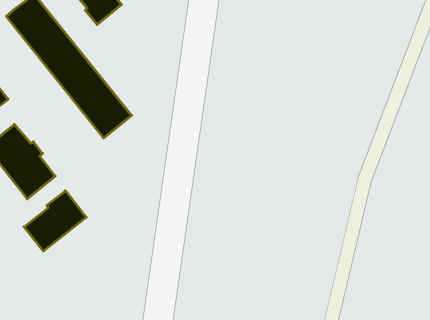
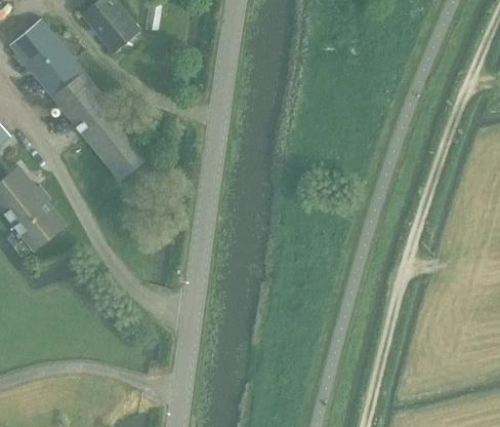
building: [24,191,86,251] -> none

